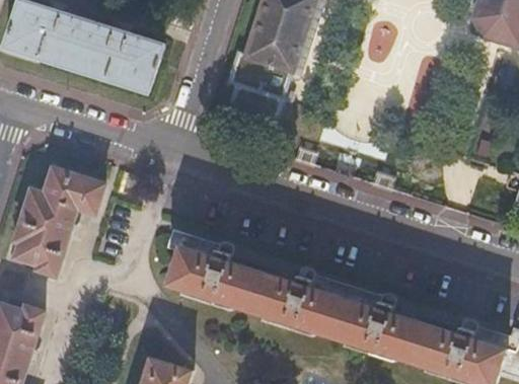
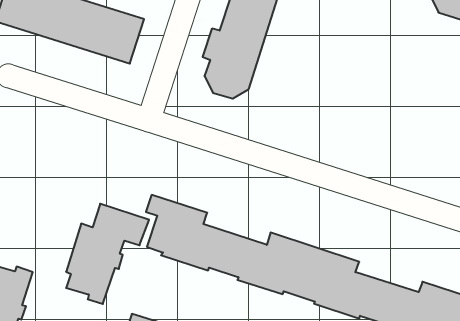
building: [15,168,104,276] -> [66,204,149,304]

